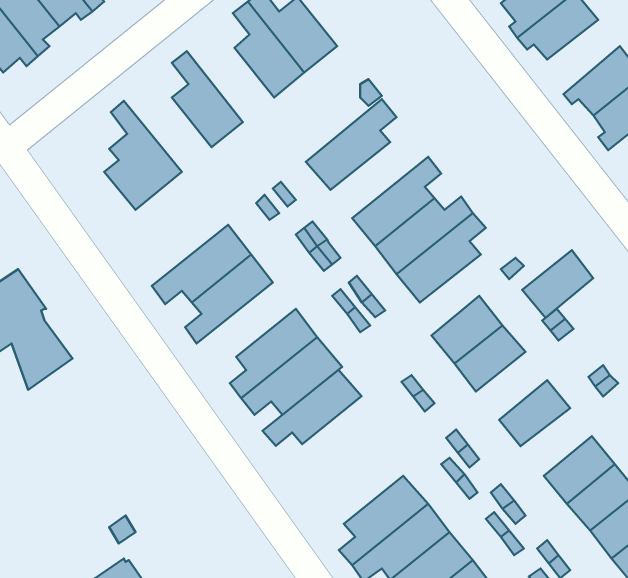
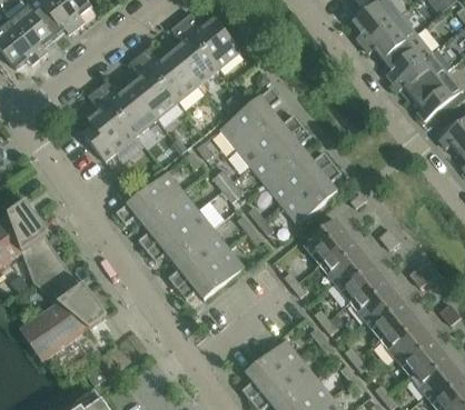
building: none -> [382,33,431,83]
building: none -> [139,47,198,102]
building: none -> [97,80,156,136]
building: none -> [236,114,301,167]
building: [522,250,593,318] -> [334,257,382,302]
building: none -> [27,261,107,356]
building: [262,370,362,446] -> [146,210,212,261]
building: none -> [364,294,412,340]

